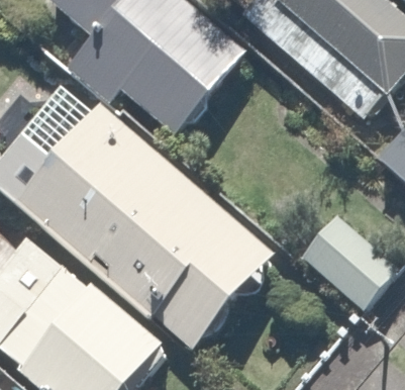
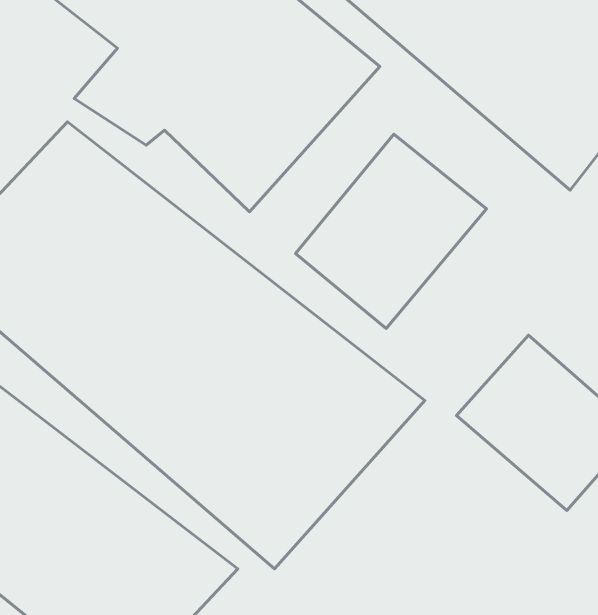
building: none -> [296,134,486,328]

